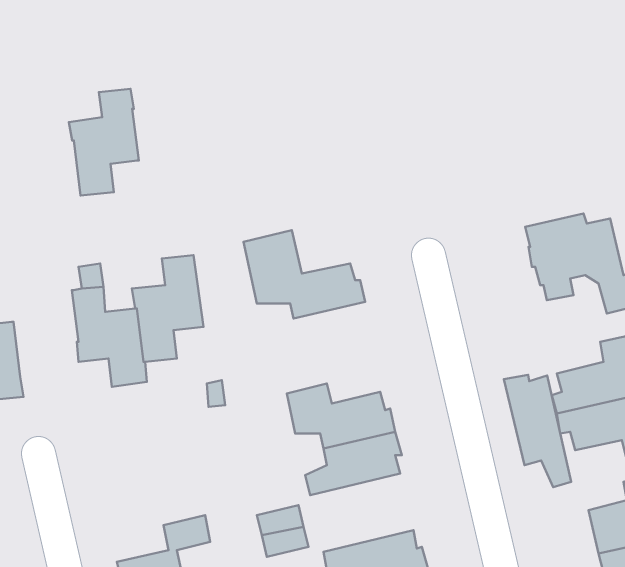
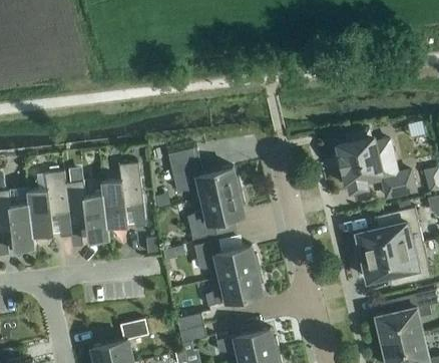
building: [69,89,139,195] -> [26,172,68,237]
building: none -> [186,192,245,242]
building: [504,375,571,487] -> none

